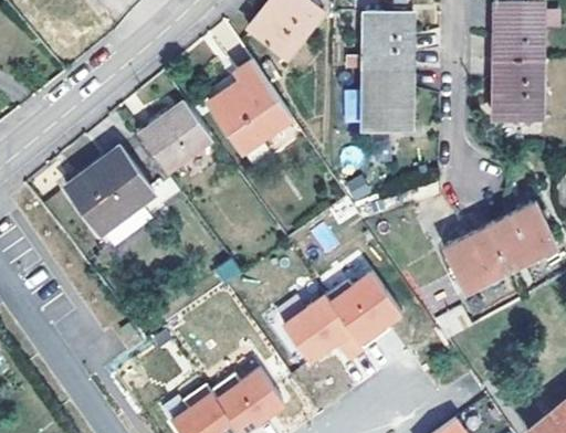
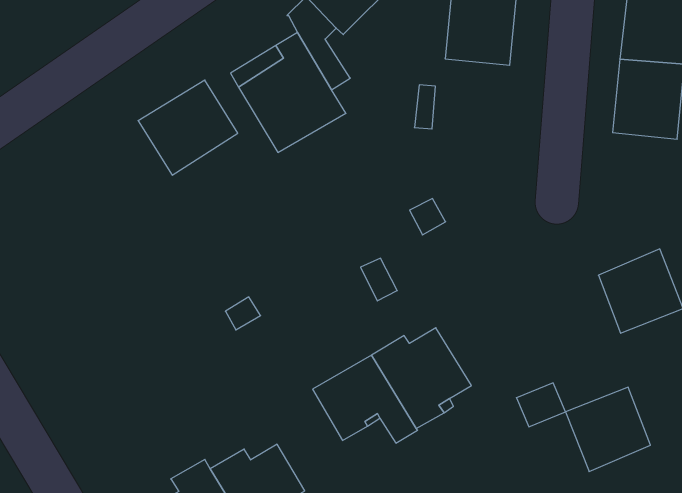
building: [360,73,410,130] -> none
building: [65,135,169,234] -> none
building: [443,225,509,291] -> [566,387,650,472]

